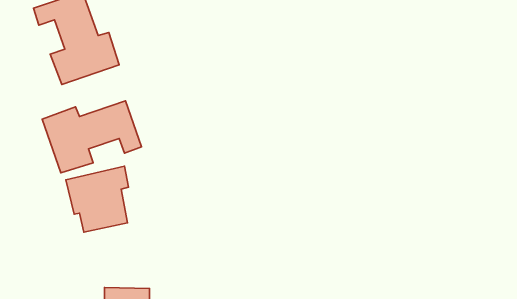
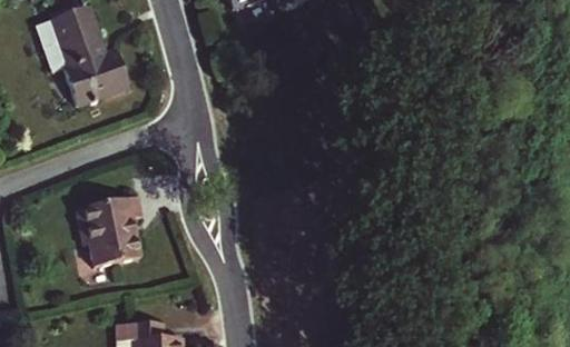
building: [42,101,142,173] -> none

